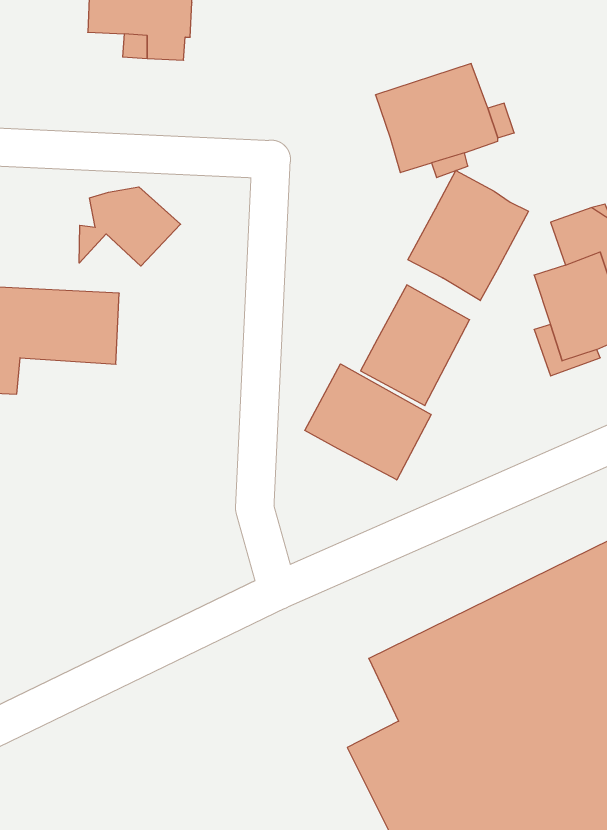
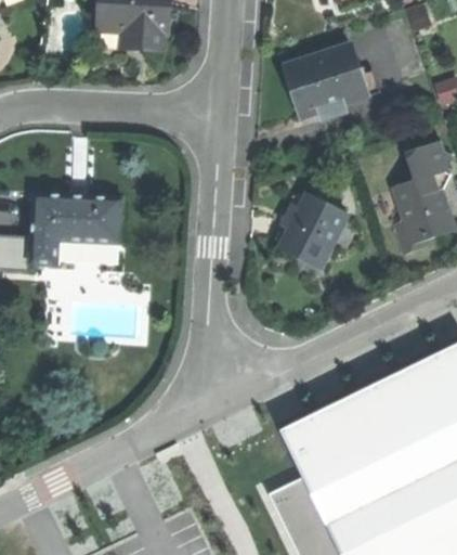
building: [408,170,528,301] -> none
building: [79,187,181,266] -> none
building: [305,364,431,480] -> none

